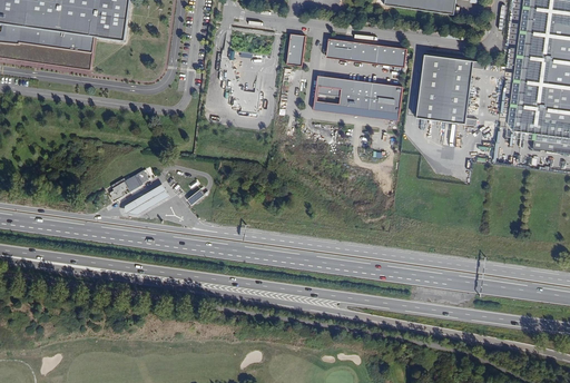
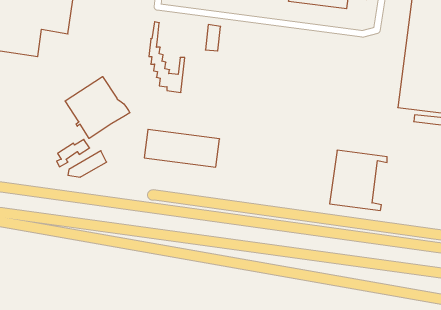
building: [324,37,406,65] -> none
building: [415,55,483,126] -> [330,150,387,210]
building: [312,75,401,119] -> [144,129,220,167]
building: none -> [65,77,130,138]

